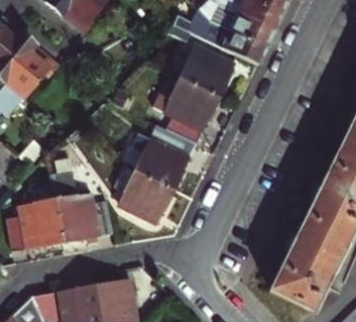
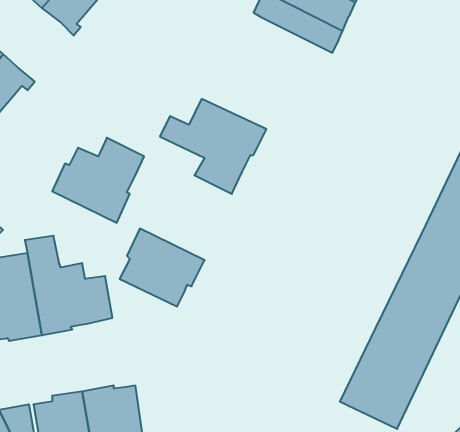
building: [173,19,266,65] -> none
building: [174,46,233,100] -> none
building: [131,132,196,192] -> [52,138,144,223]

